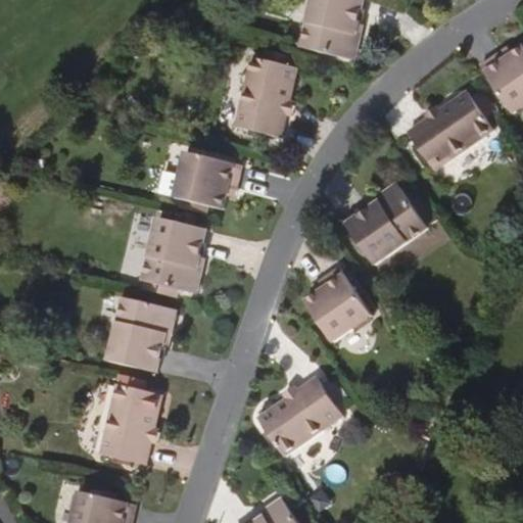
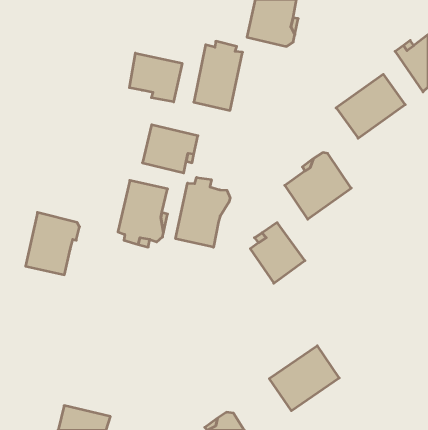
building: none -> [129,53,182,102]
building: none -> [176,177,230,247]
building: [107,296,173,372] -> [26,212,80,275]
building: [257,377,342,456] -> [269,346,339,411]
building: [99,383,161,465] -> none

